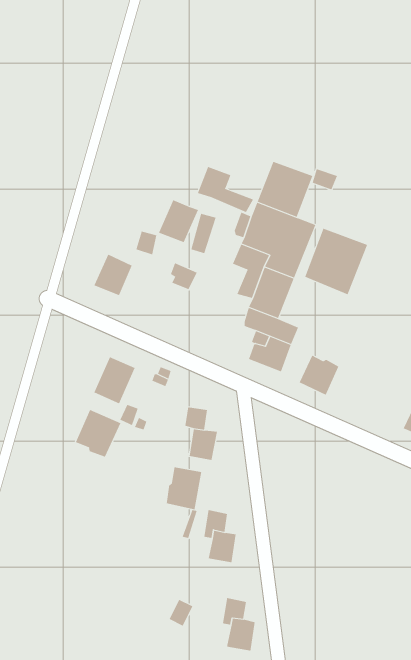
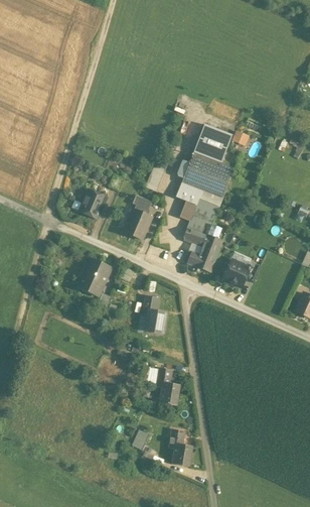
building: [197,166,254,213] -> none
building: [158,200,199,243] -> [123,209,151,239]
building: [305,228,368,295] -> none
building: [75,409,121,457] -> none
building: [166,466,202,510] -> none

